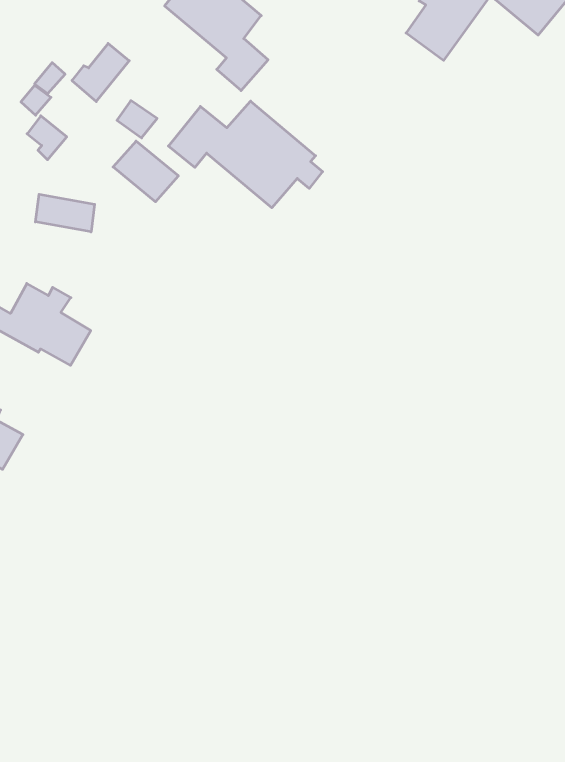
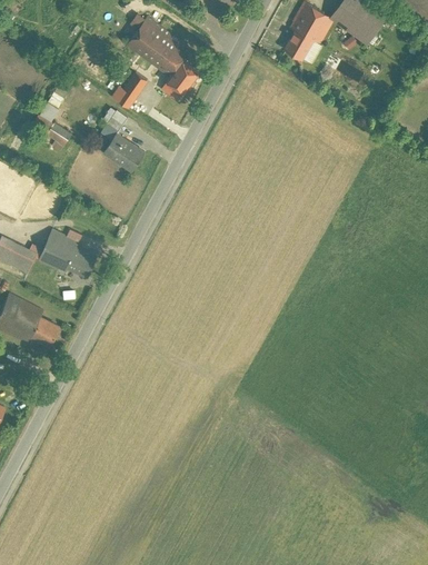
building: [72,43,129,102] -> [111,71,147,109]
building: [168,101,323,208] -> none
building: [35,194,95,232] -> none

